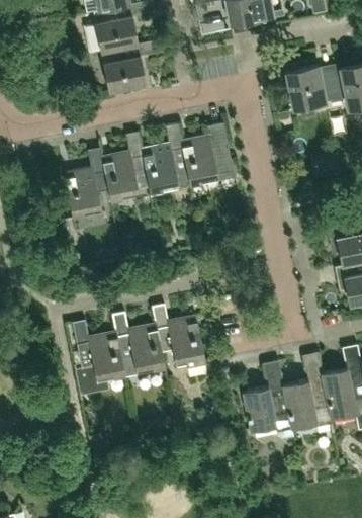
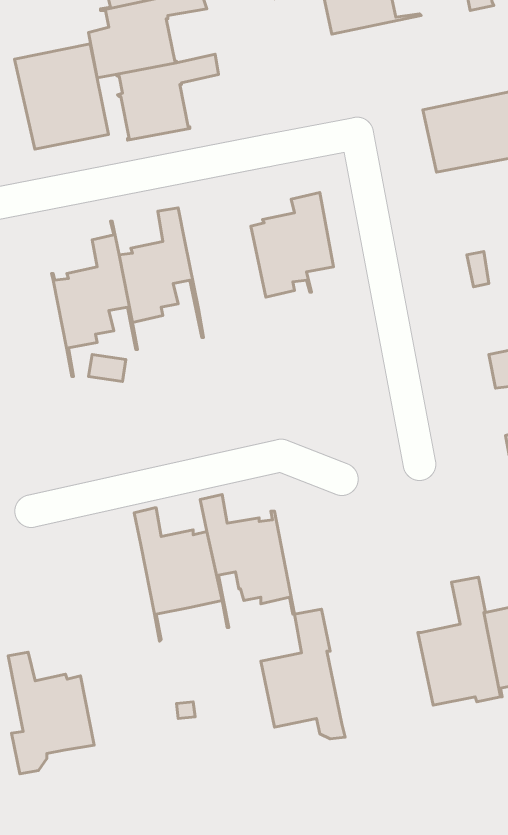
building: none -> [14,44,109,149]
building: [143,123,194,201] -> none
building: [73,320,124,393] -> [8,652,94,774]
building: [243,361,293,439] -> [261,609,345,739]

